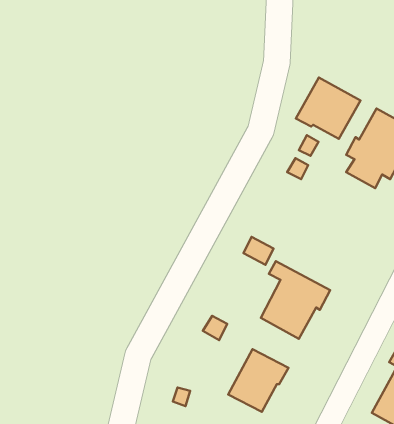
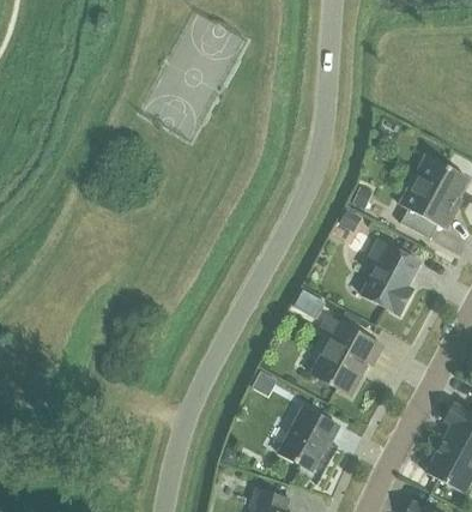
building: [296,78,361,139] -> none
building: none -> [362,239,420,314]

